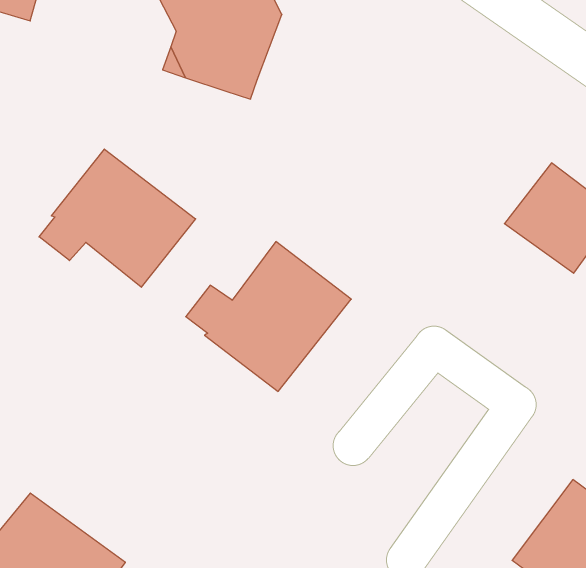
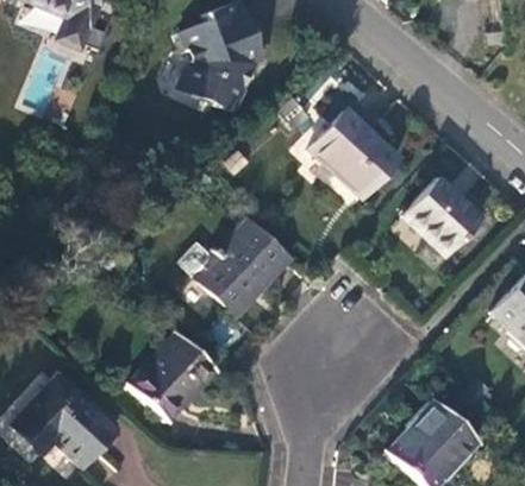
building: none -> [302,105,401,201]
building: [39,149,196,287] -> none
building: none -> [121,328,217,422]

